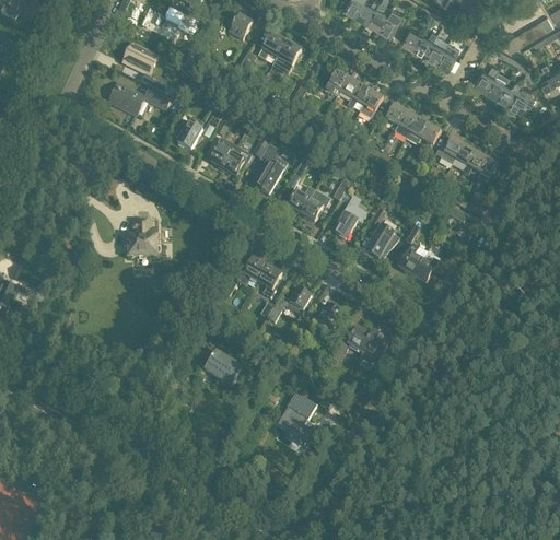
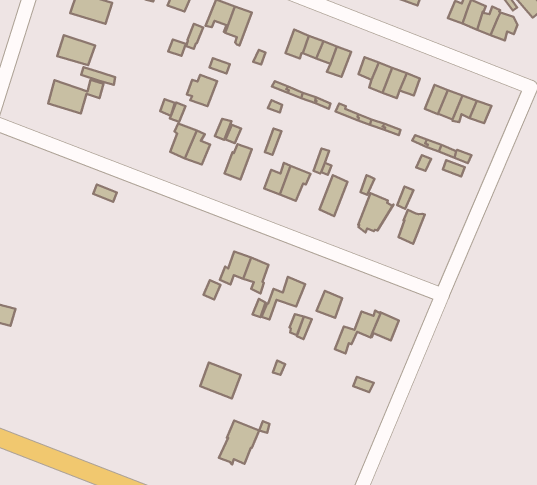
building: [173,120,201,149] -> [187,75,217,106]
building: [127,221,156,257] -> none
building: [410,250,438,282] -> none
building: [276,392,315,432] -> [219,421,259,464]

